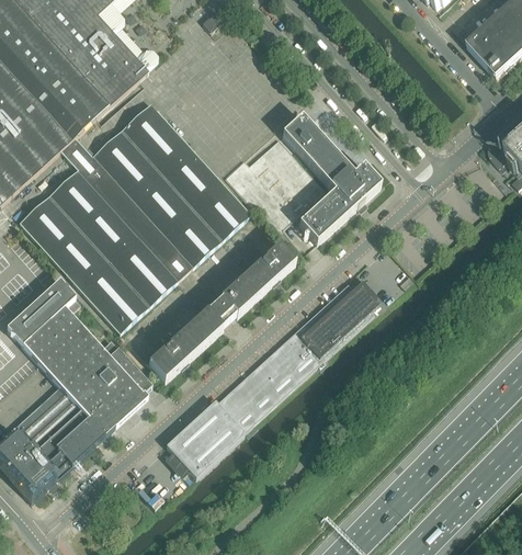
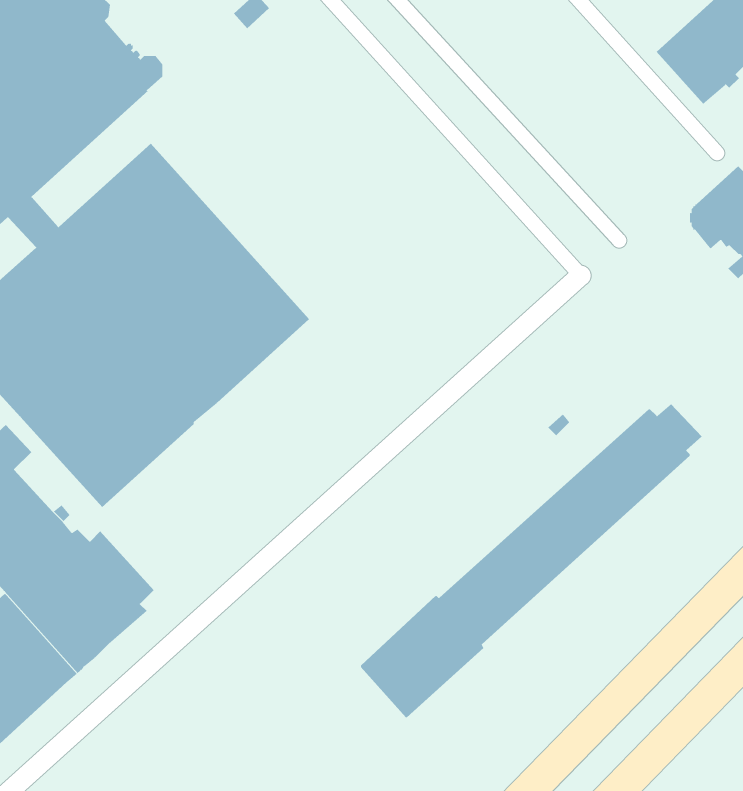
building: [282,116,381,242] -> none
building: [146,242,295,382] -> none
building: [167,280,382,477] -> [360,403,703,718]

